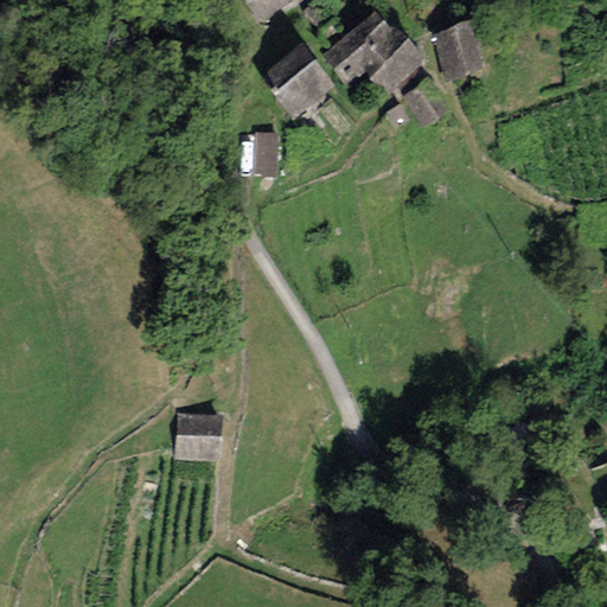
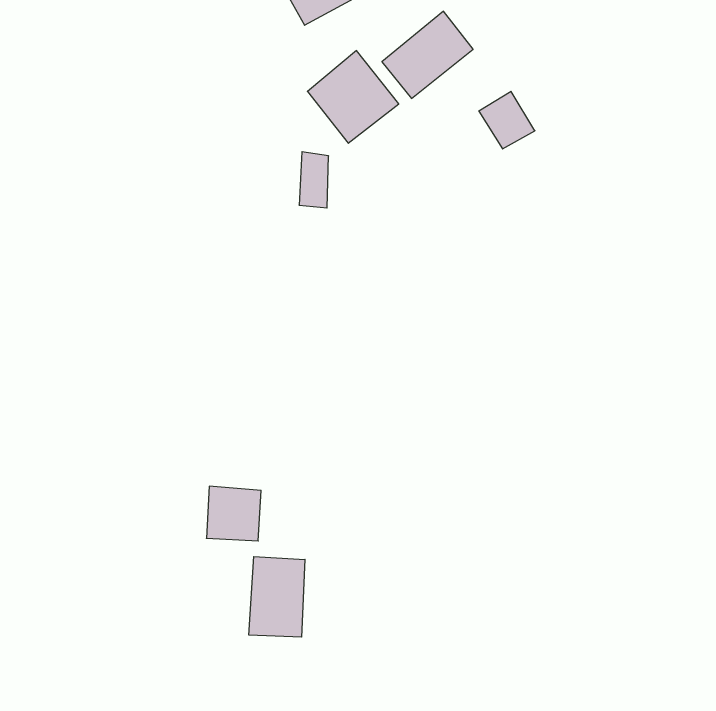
building: [433,23,485,81] -> none
building: [368,41,423,96] -> none
building: none -> [249,557,305,637]

